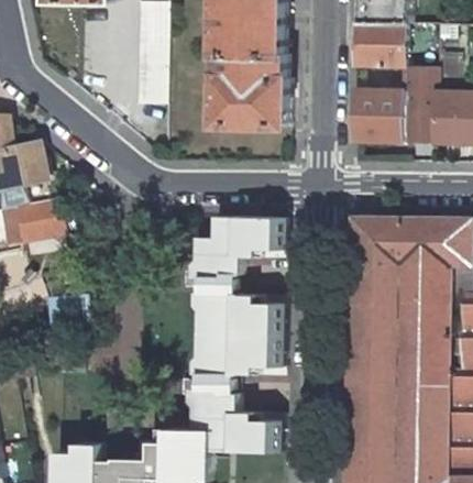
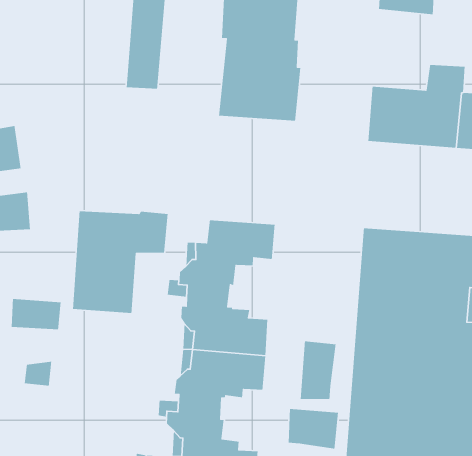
building: [356,22,407,68] -> none
building: none -> [72,211,169,314]
building: none -> [300,340,336,400]
building: none -> [288,408,339,450]

